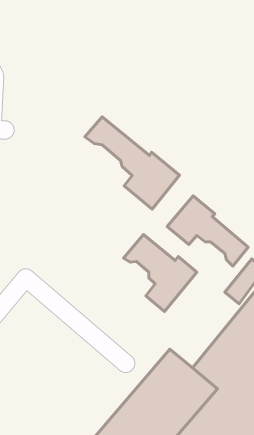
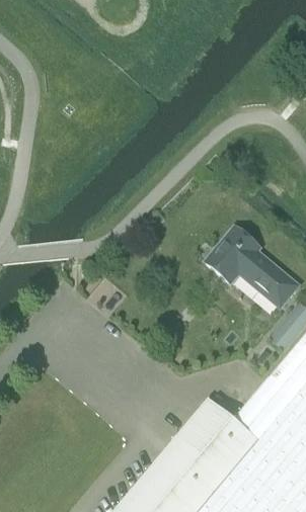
building: [85,117,180,209] -> none
building: [123,235,197,311] -> none

